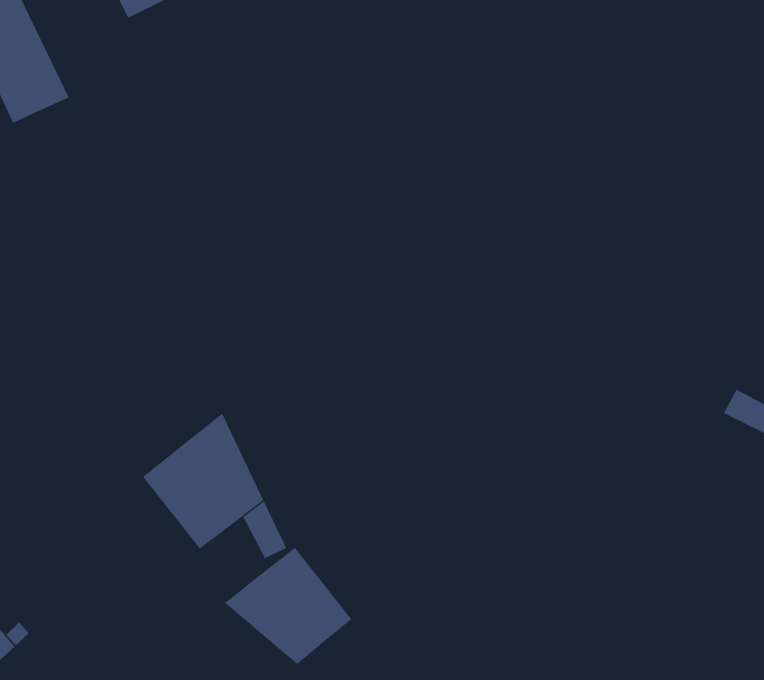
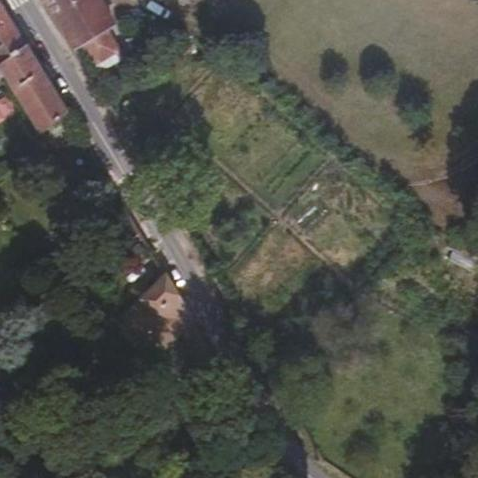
building: [224,547,352,665] -> none

